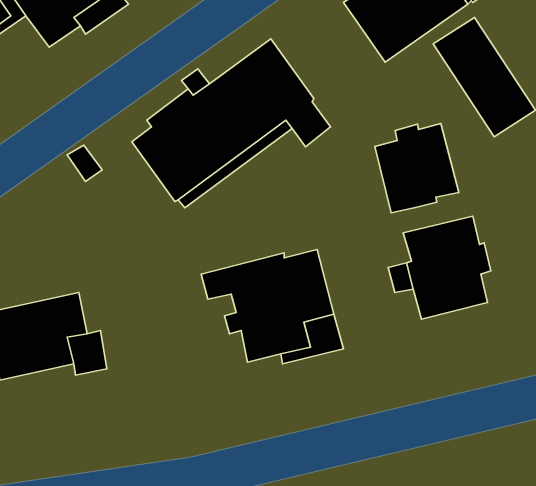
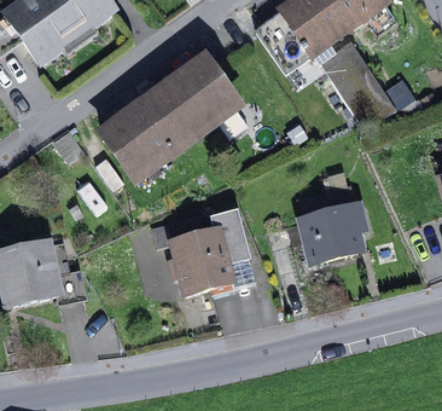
building: [375,123,459,213] -> none

